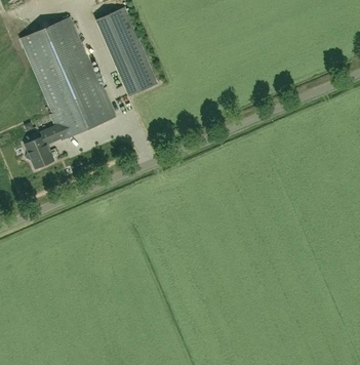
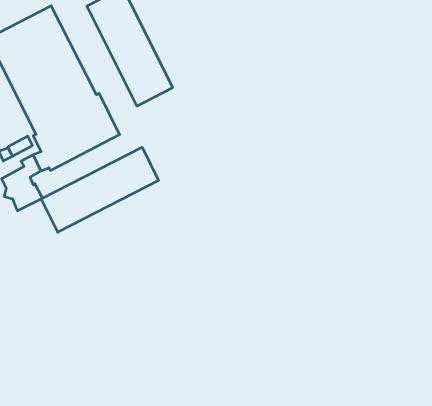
building: none -> [41,147,158,232]

